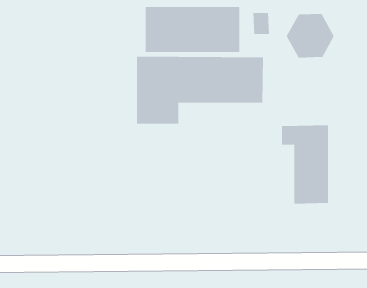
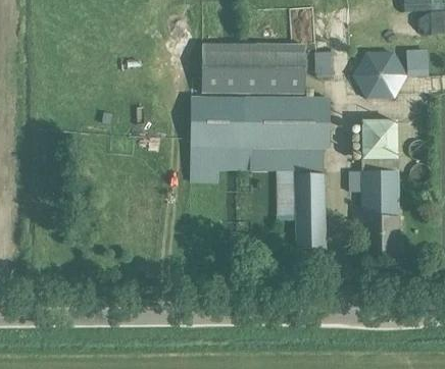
building: none -> [405,51,426,75]
building: none -> [362,119,396,160]
building: none -> [249,148,325,250]

